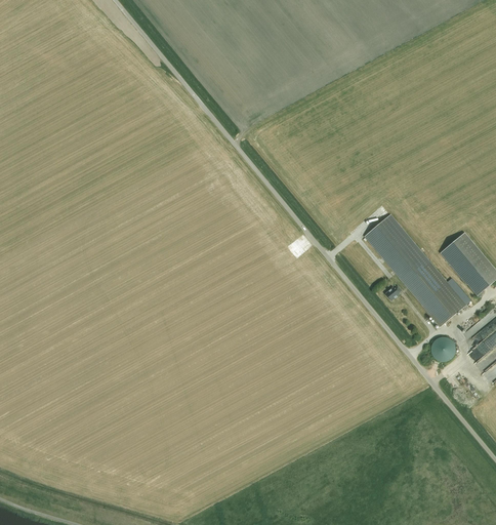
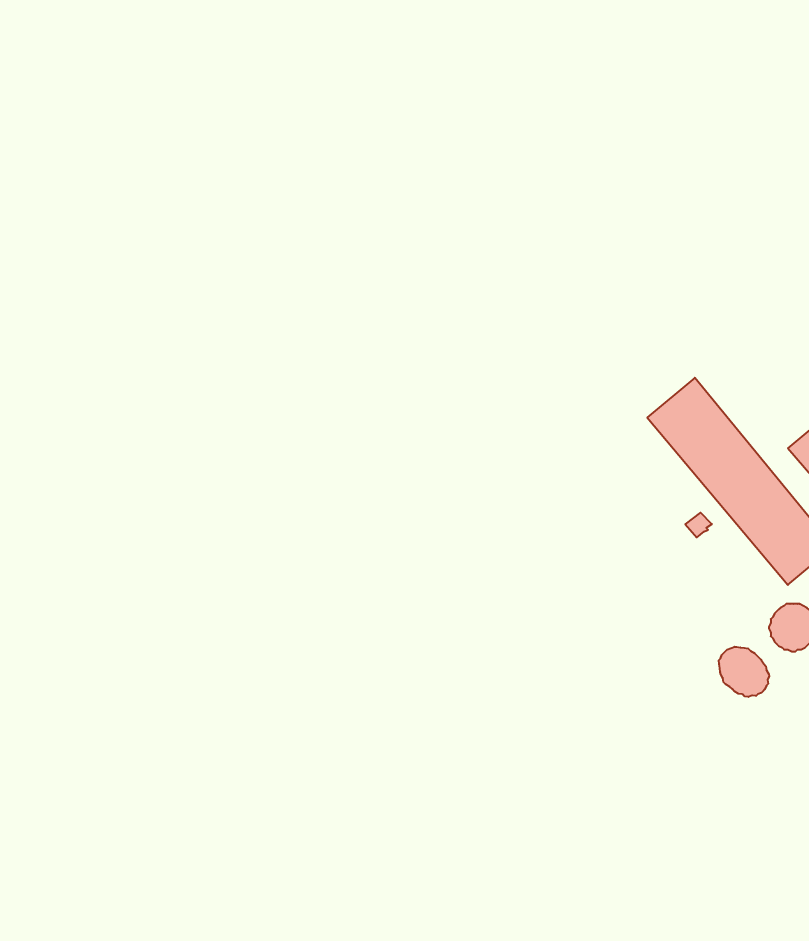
building: none -> [719,647,769,697]

